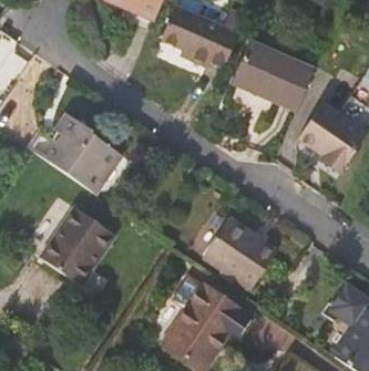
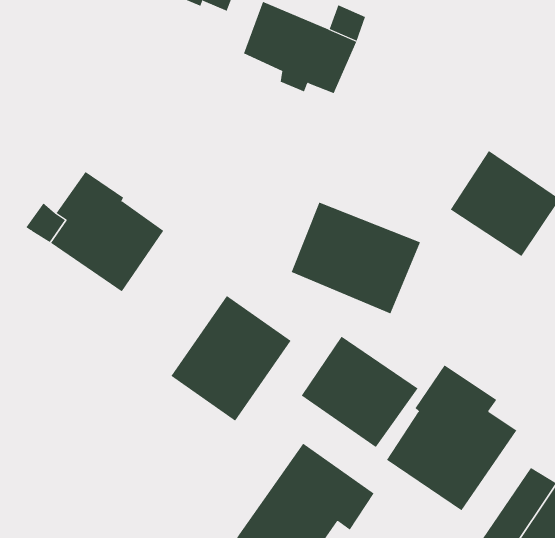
building: [230,39,312,110] -> [291,202,421,314]
building: [38,208,114,288] -> [170,295,291,421]
building: none -> [386,365,517,511]

